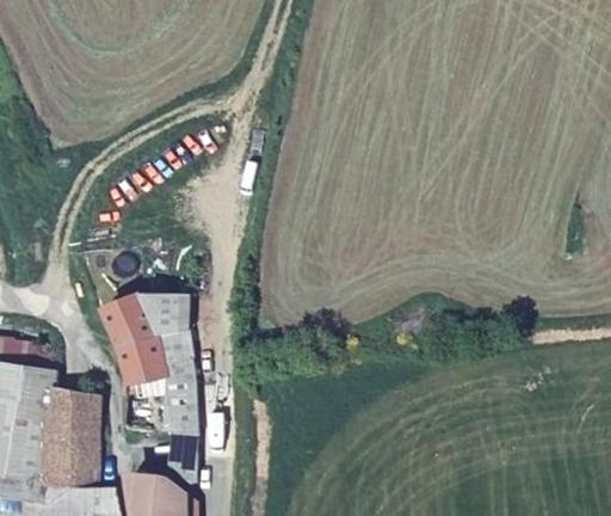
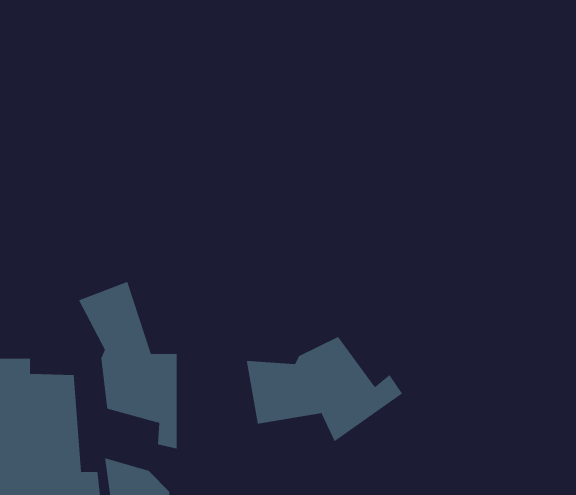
building: [147,288,198,364] -> none
building: none -> [246,336,403,442]

